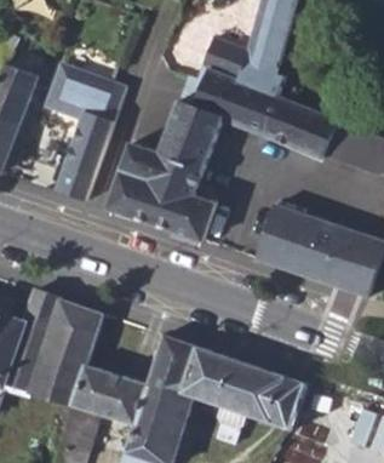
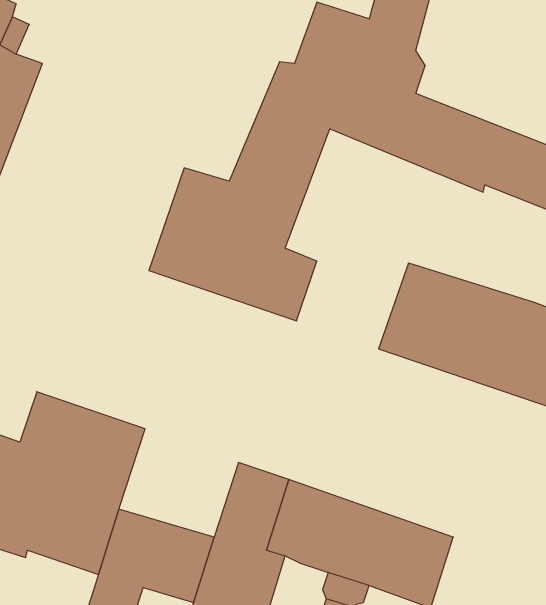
building: [46,64,124,201] -> none

